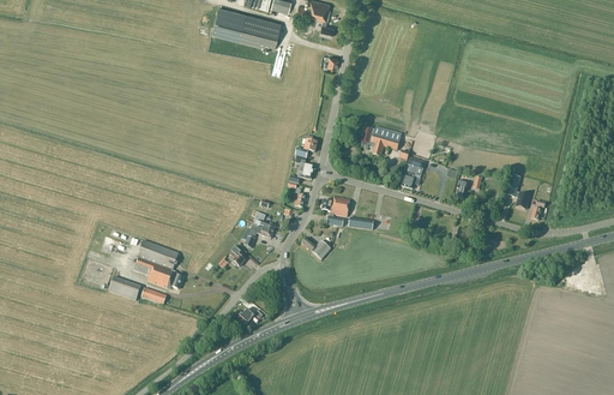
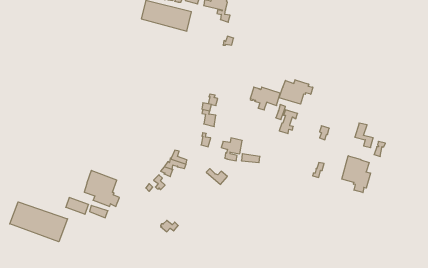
building: none -> [279,80,313,104]
building: none -> [342,156,371,193]
building: none -> [10,202,68,242]

